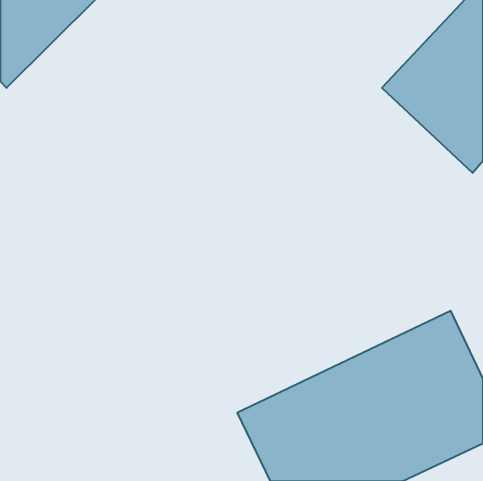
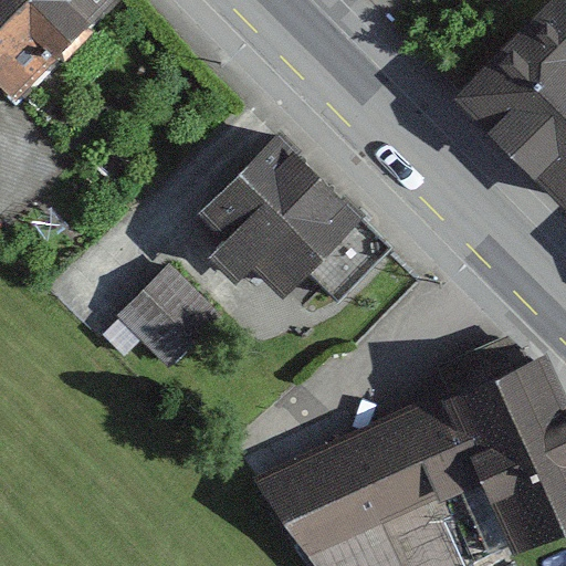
building: none -> [197,134,392,298]
building: none -> [120,264,223,365]

